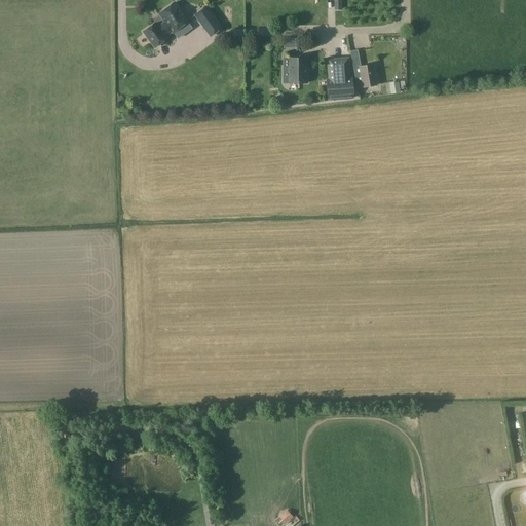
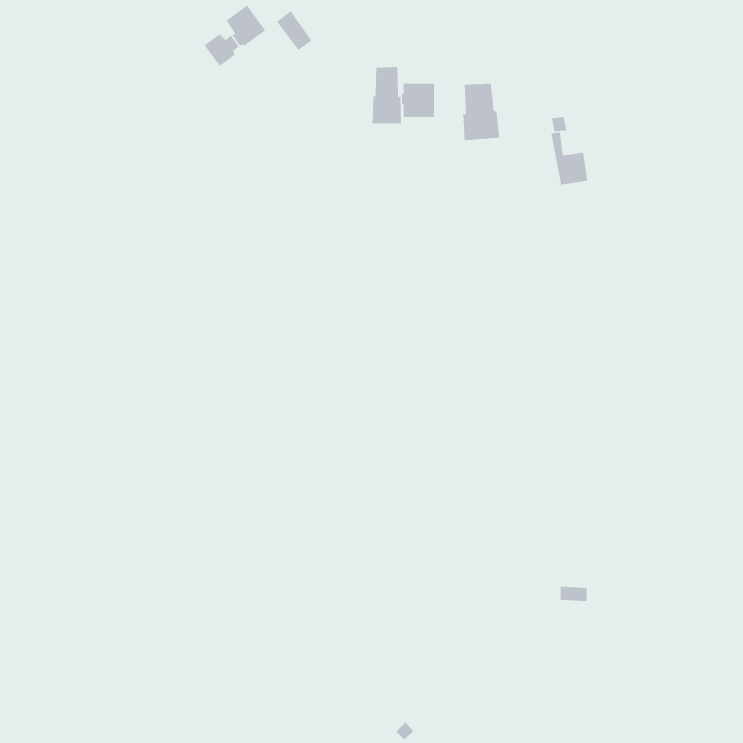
building: none -> [372,66,402,124]
building: [350,50,377,88] -> [550,132,588,185]

